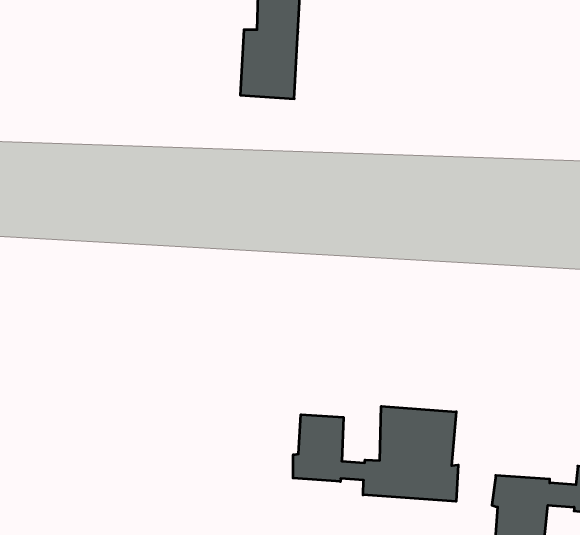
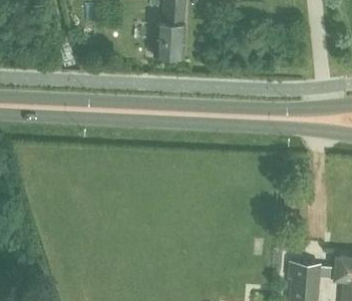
building: [293,406,458,501] -> none

